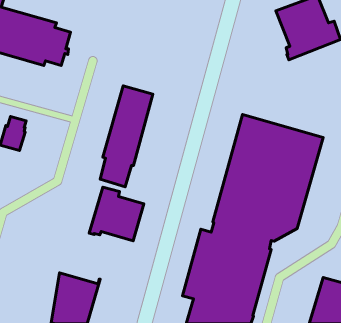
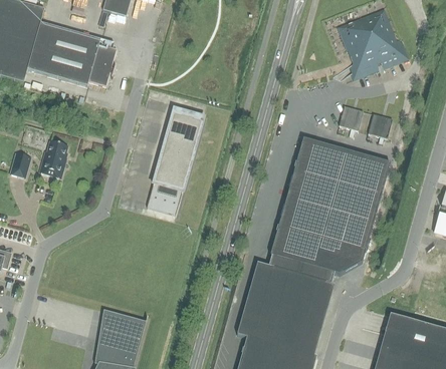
building: none -> [339,105,363,129]
building: none -> [368,112,392,137]
building: [89,187,144,241] -> none

